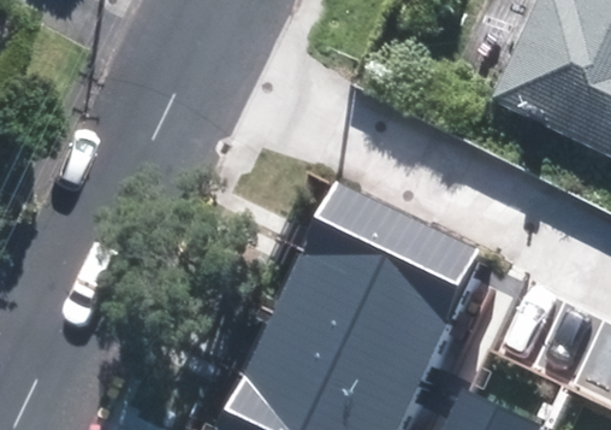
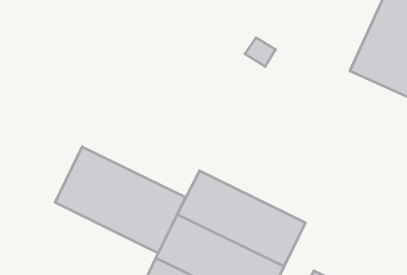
building: [302,181,484,320] -> none
building: none -> [55,147,186,253]

